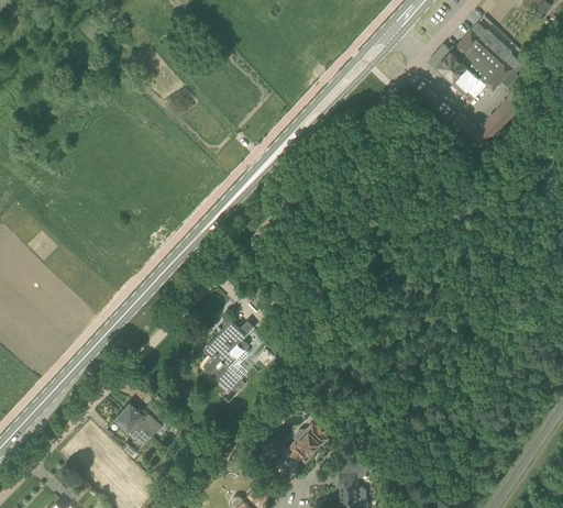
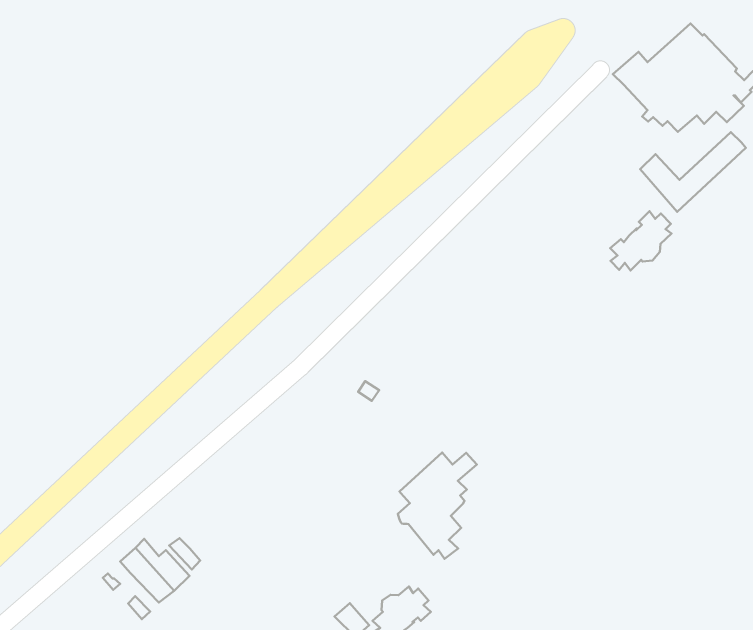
building: none -> [610,211,671,270]
building: [203,320,255,394] -> [398,453,477,559]

